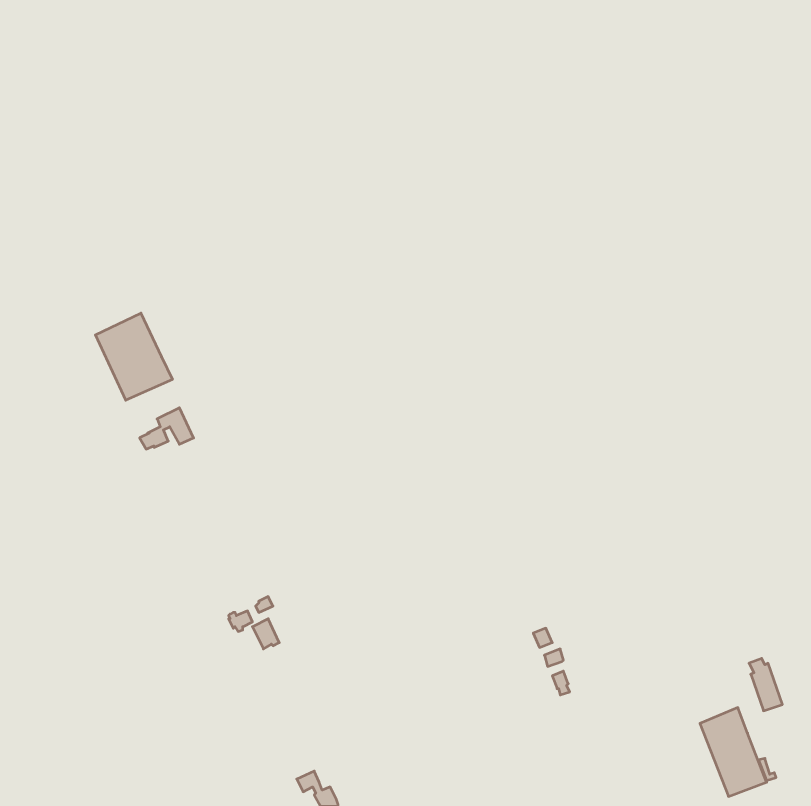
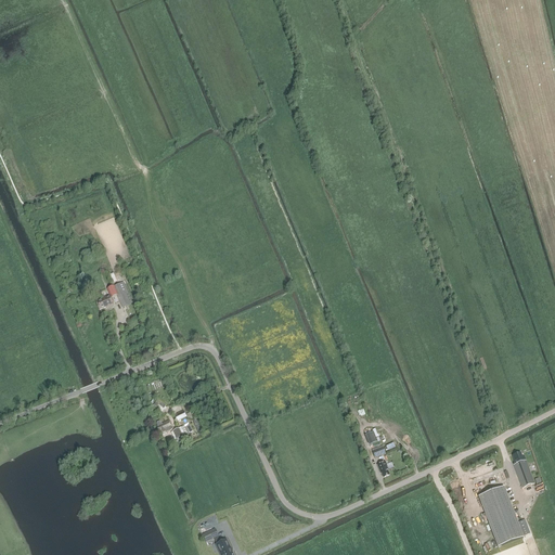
building: [95,313,172,400] -> none

